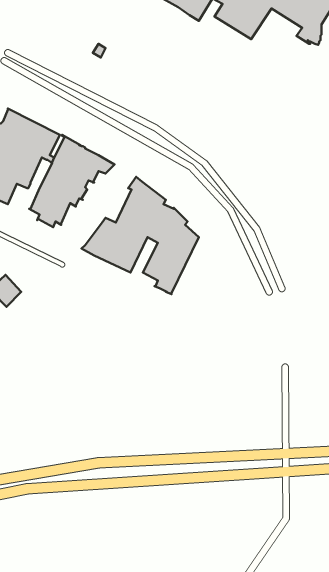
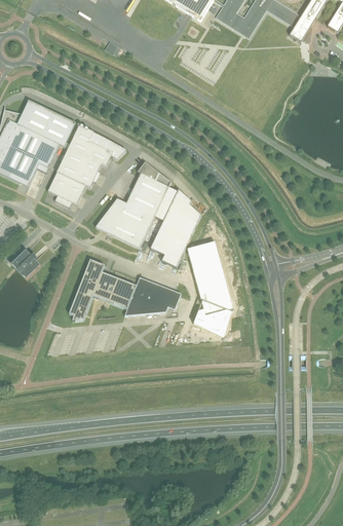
building: none -> [187,243,232,326]
building: none -> [68,258,181,318]

